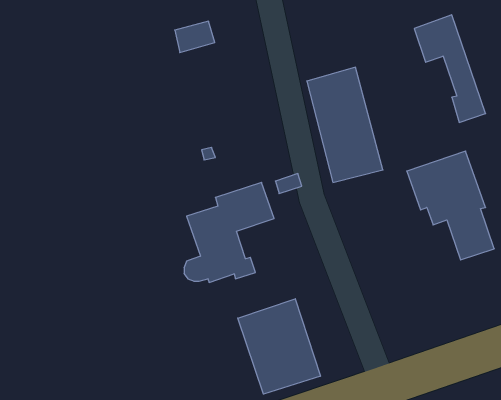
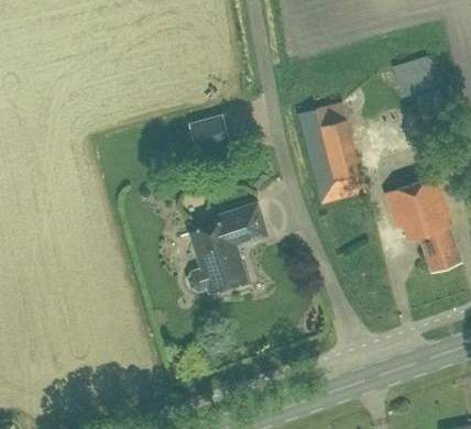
building: [175,21,215,53] -> [193,120,228,147]
building: [238,299,320,394] -> none

